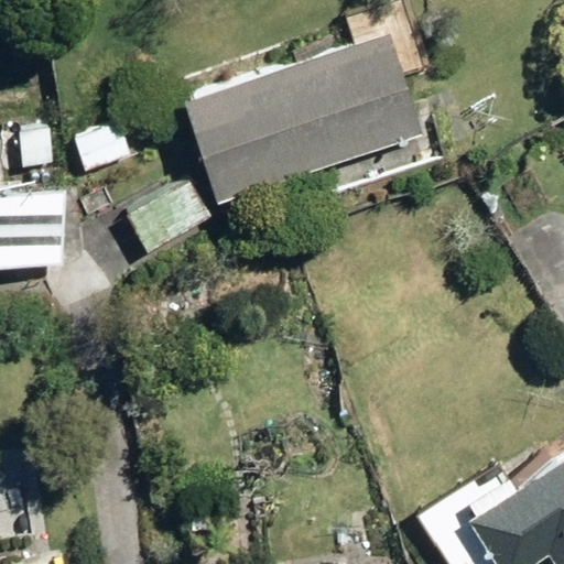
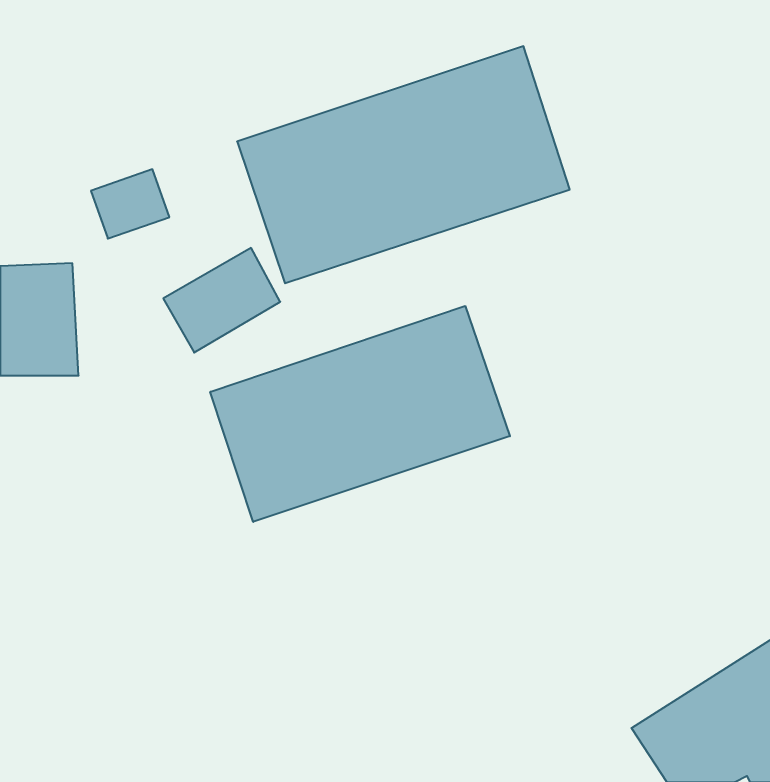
building: none -> [210,306,510,522]

